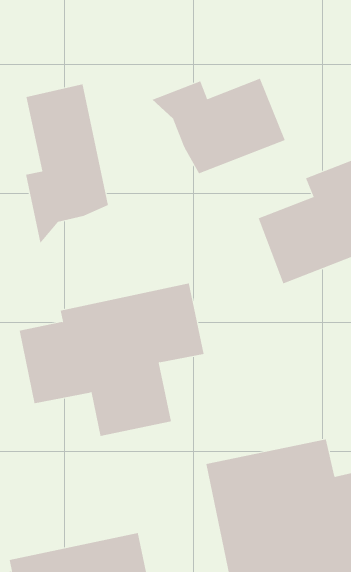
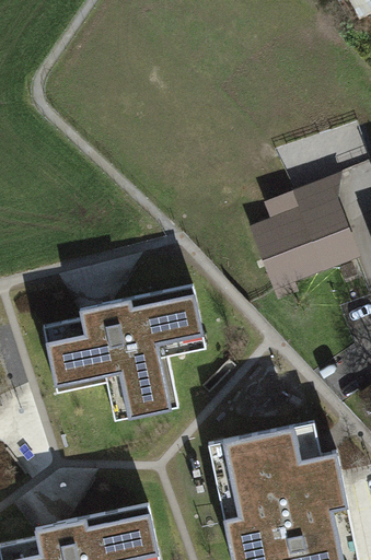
building: [151,78,285,174] -> none
building: [25,84,108,244] -> none

